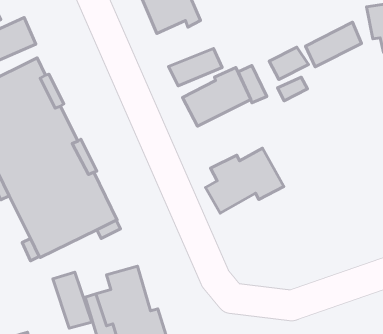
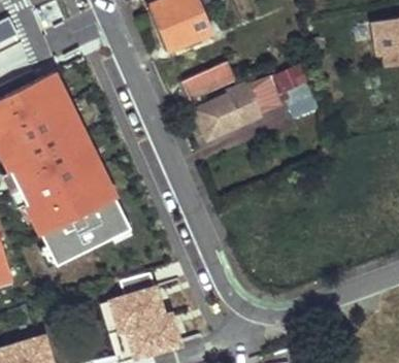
building: [305,22,361,67] -> none
building: [206,148,284,213] -> none
building: [53,272,92,328] -> none

